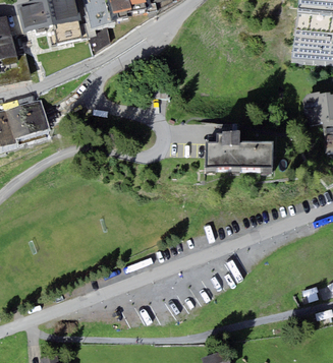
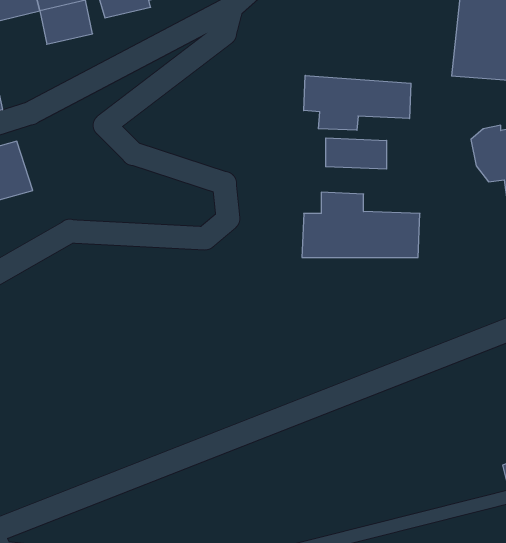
building: none -> [304,75,411,130]
building: none -> [326,138,387,169]

